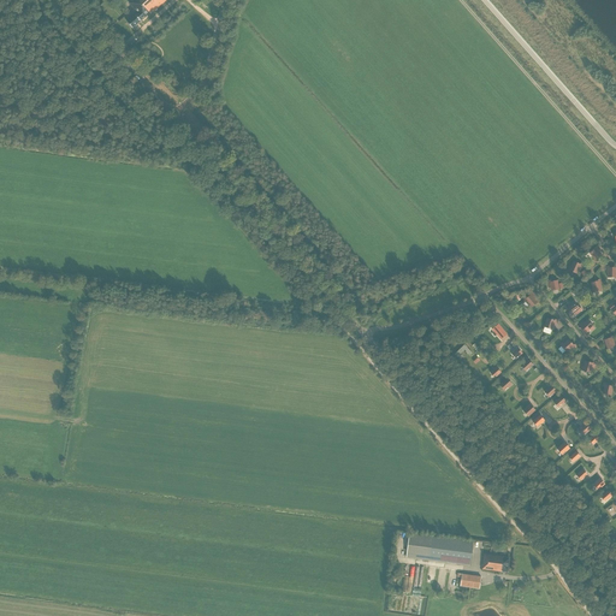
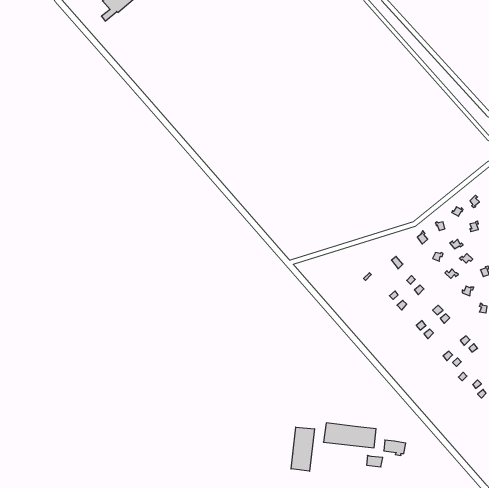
building: none -> [291,427,314,471]

